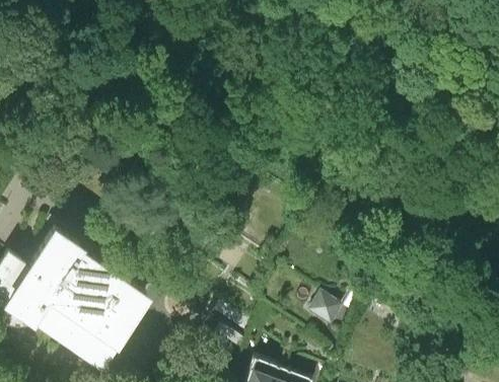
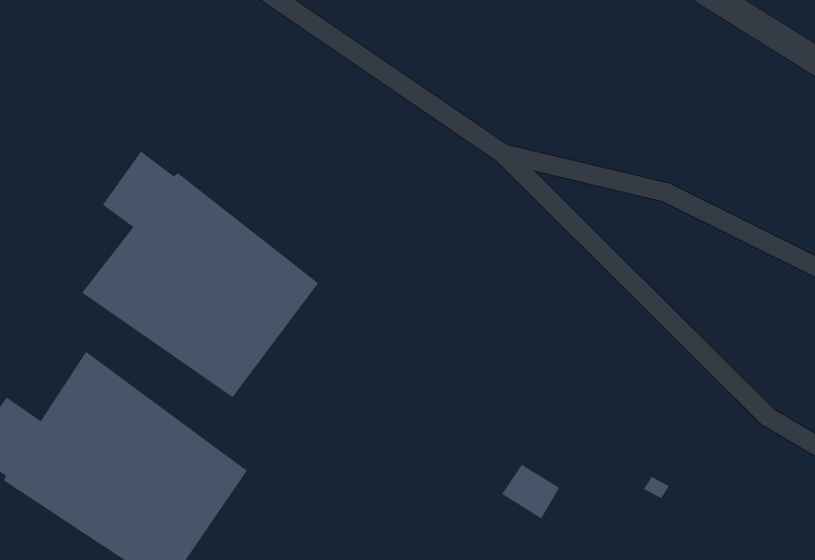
building: none -> [81,151,319,398]

